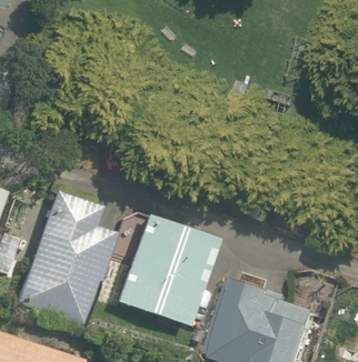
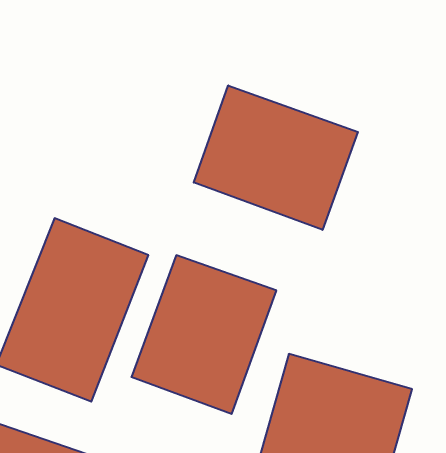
building: none -> [194,85,358,230]

